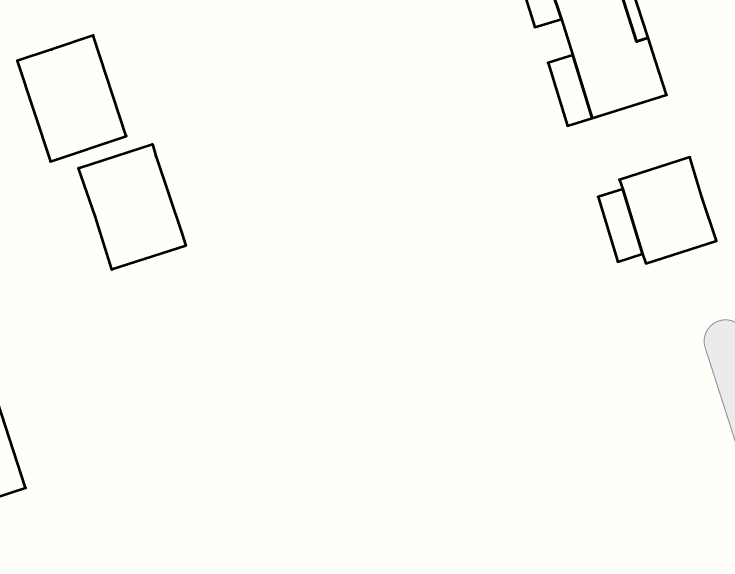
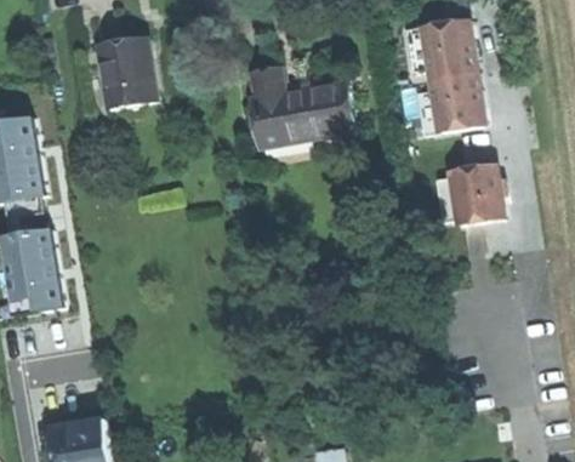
building: none -> [250,70,353,146]
building: [79,144,186,270] -> none

